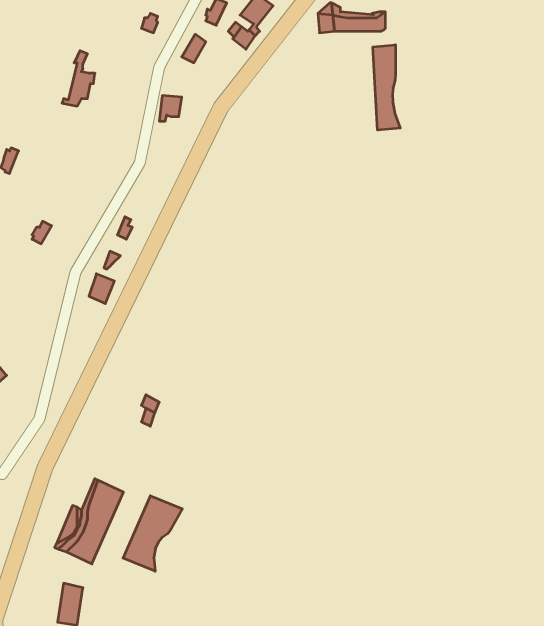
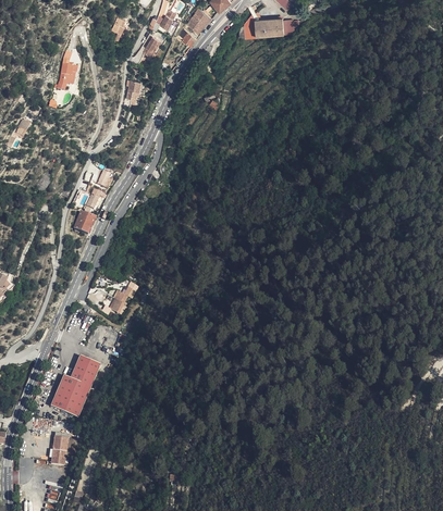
building: [373,45,400,130] -> none
building: [123,496,182,571] -> none

